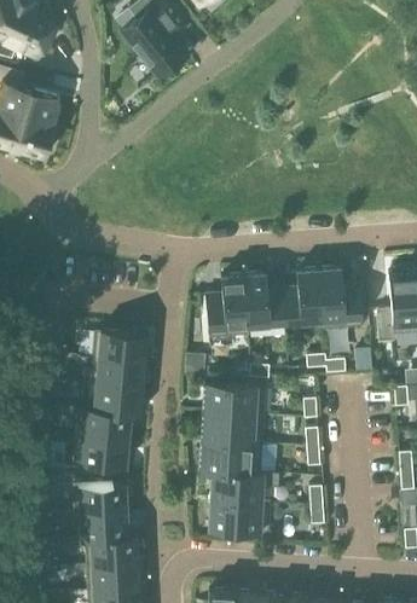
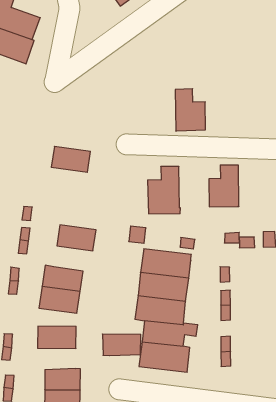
building: [319,268,363,329] -> none
building: [244,273,285,327] -> [175,89,205,131]
building: [98,331,146,361] -> [51,146,90,172]
building: [93,384,141,416] -> none
building: [79,512,128,541] -> [102,334,141,356]

